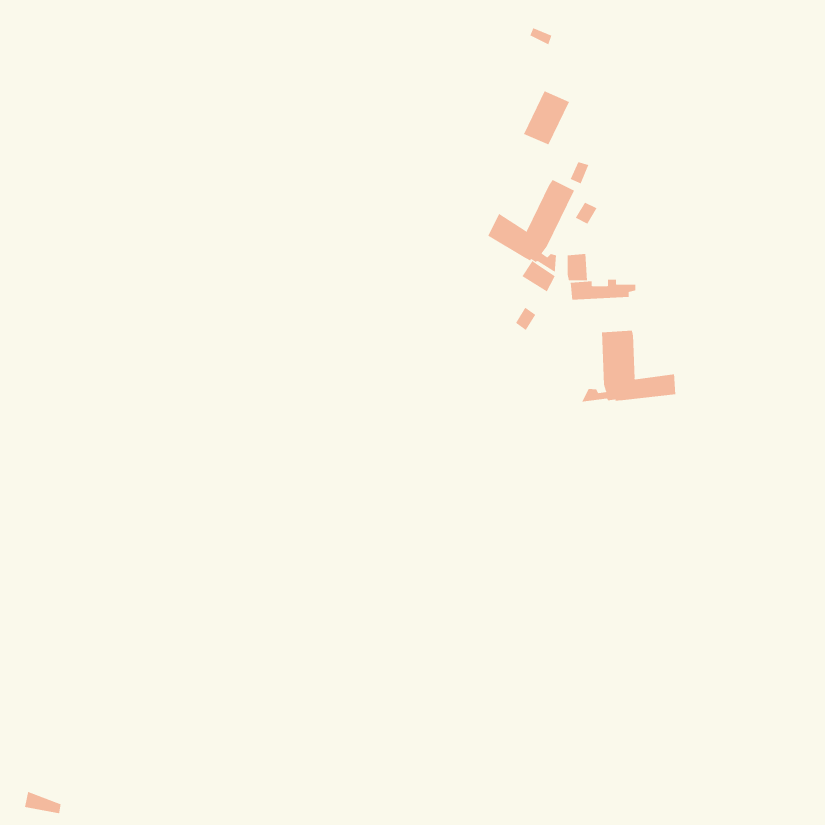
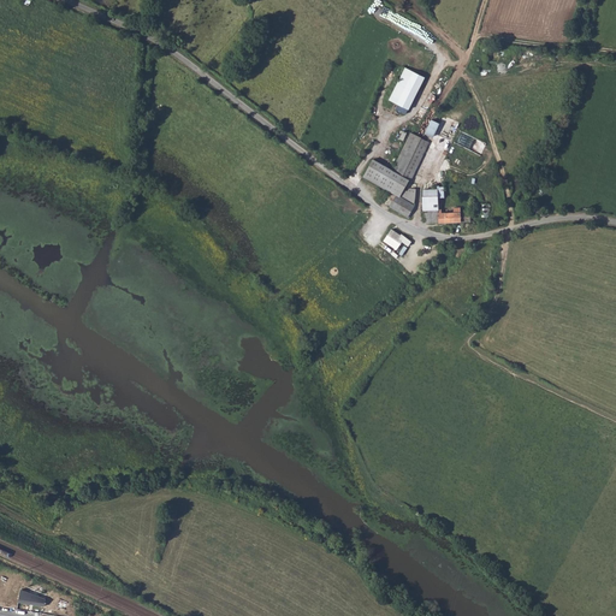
building: [581,330,676,403] -> none

